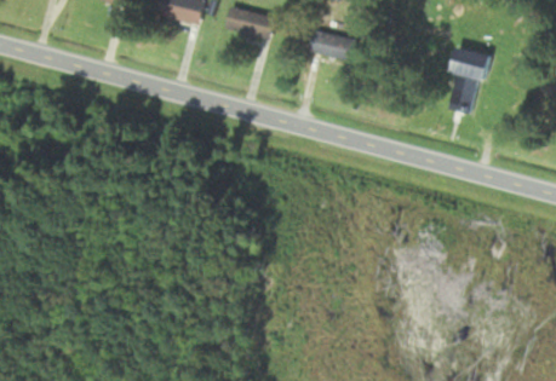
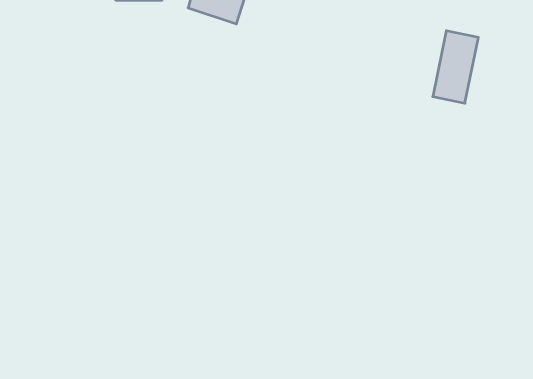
building: [310,30,356,63] -> none

